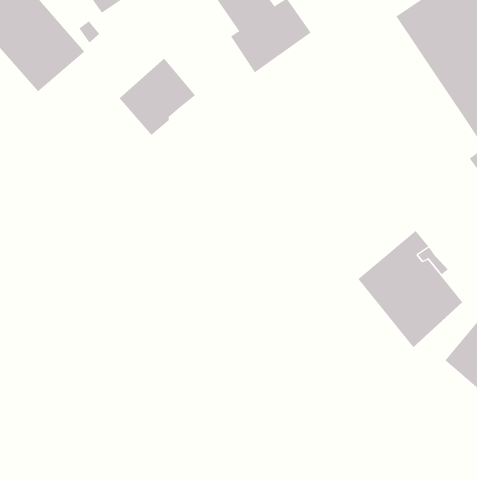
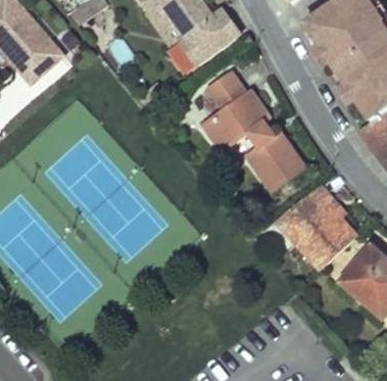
building: [119,58,196,136] -> none
building: none -> [203,75,305,192]

